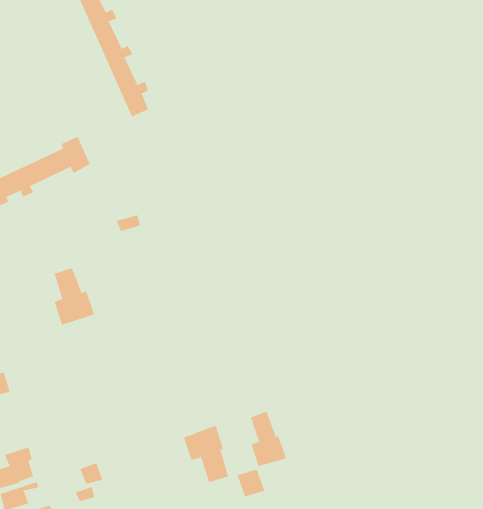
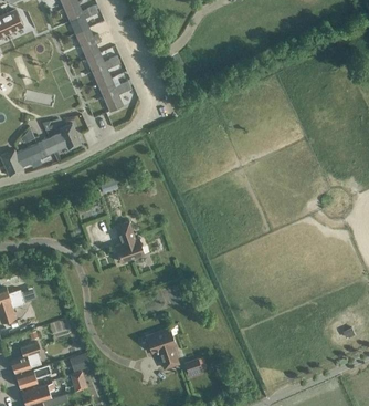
building: [54,267,95,325] -> [115,221,144,262]
building: [250,411,287,467] -> none

